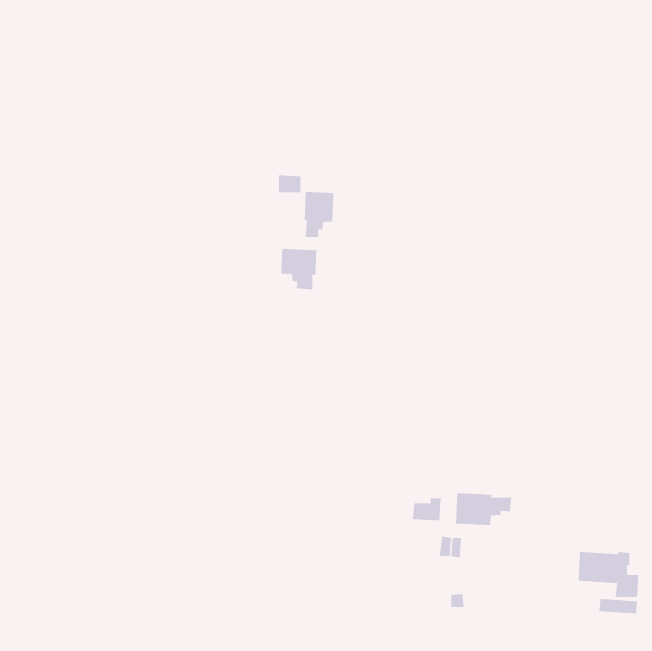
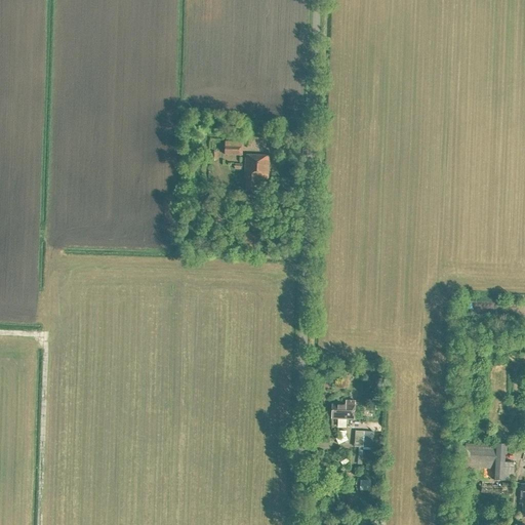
building: [281,248,317,290] -> none
building: [455,492,512,526] -> none

